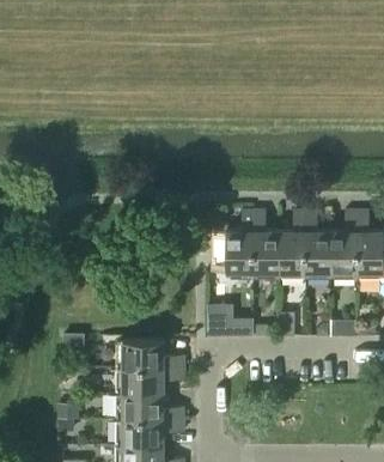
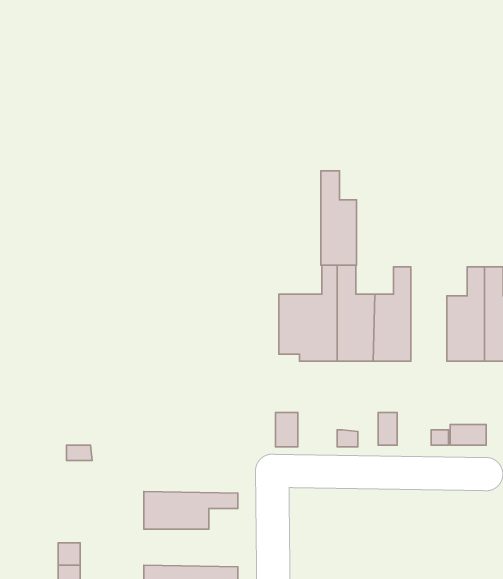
building: [305,211,330,276] -> [321,171,357,265]
building: [118,340,184,369] -> none
building: [118,394,184,420] -> none

